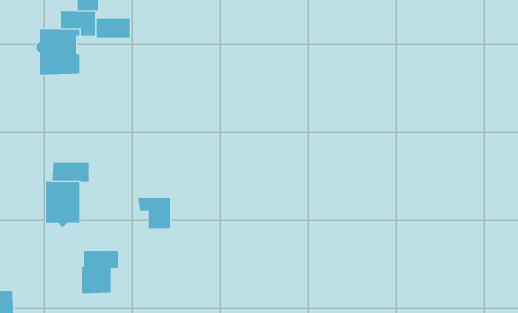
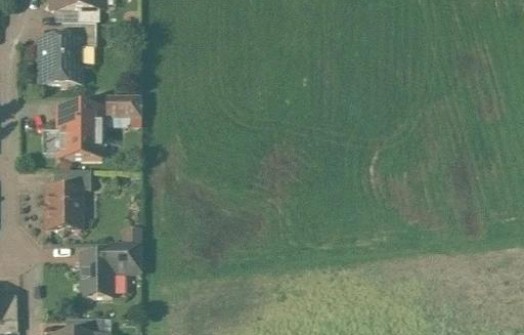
building: [96,18,131,38] -> [105,94,139,114]
building: none -> [57,107,99,156]
building: [137,197,171,229] -> [106,241,139,271]

